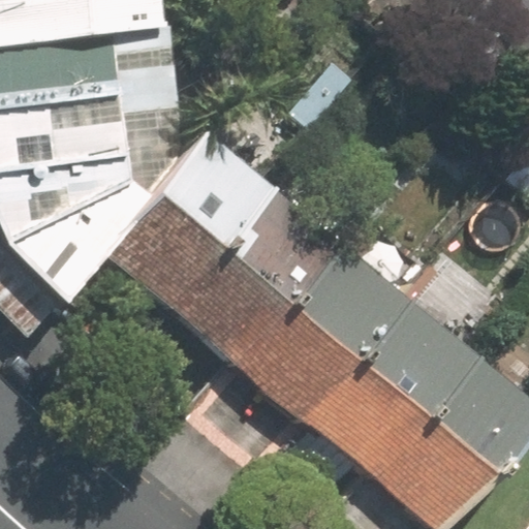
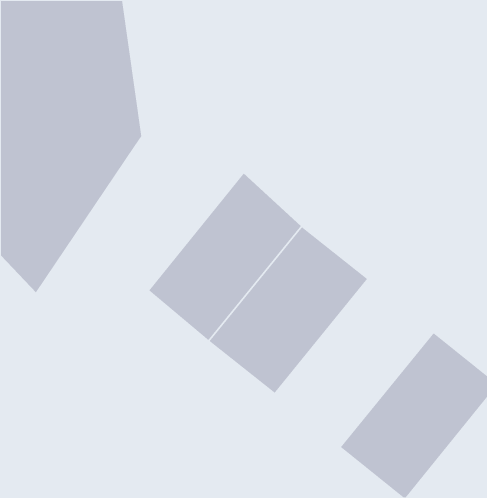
building: [99,128,270,308] -> none
building: [303,295,471,474] -> none

